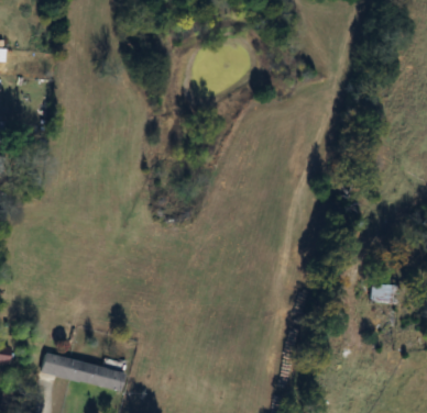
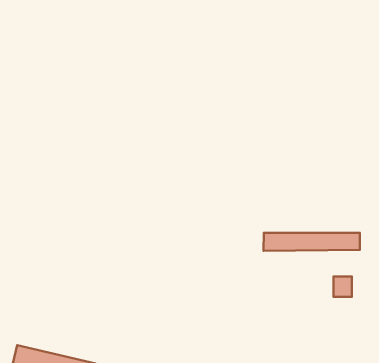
building: none -> [263,233,360,251]

